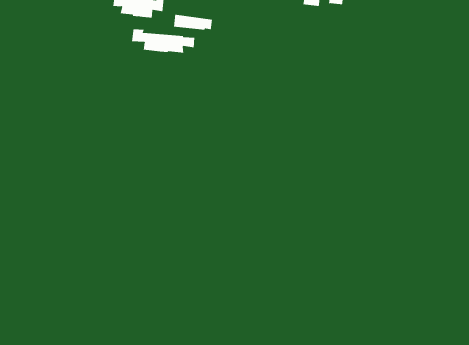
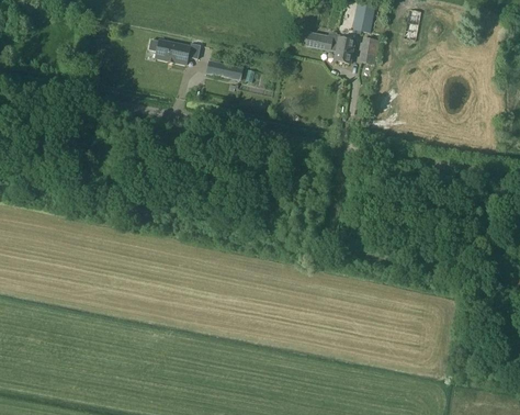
building: [132,29,195,53] -> none

